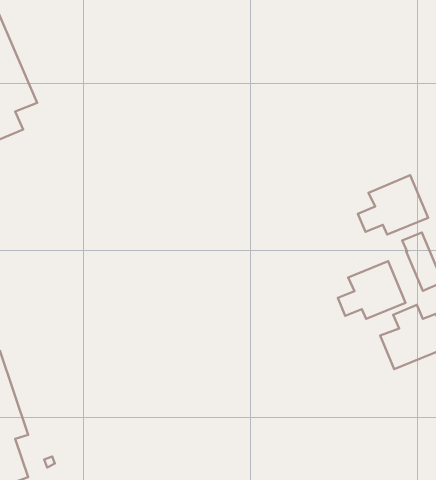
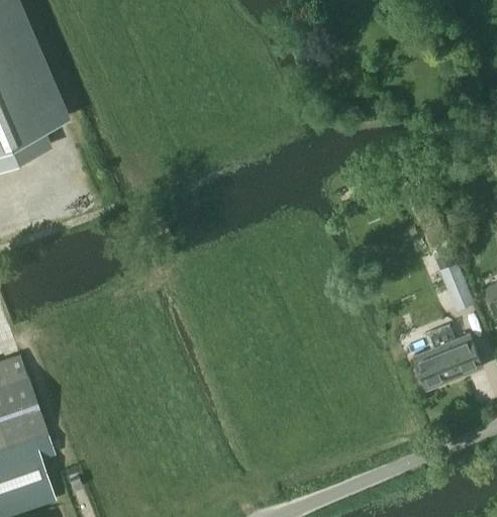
building: [358,175,428,234] -> none
building: [338,261,405,319] -> none

